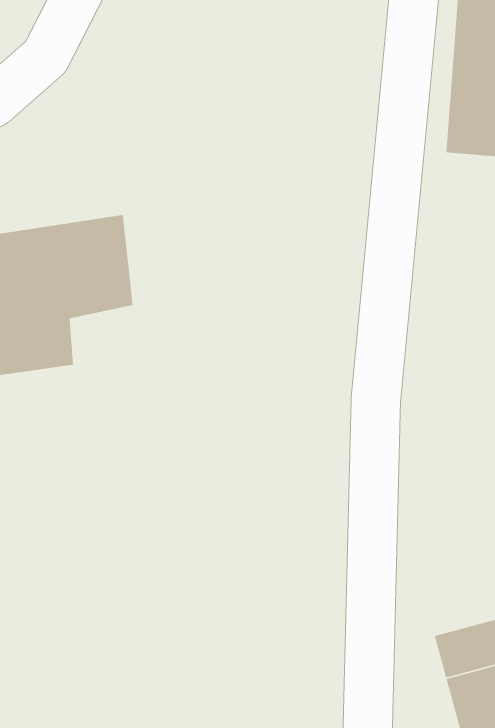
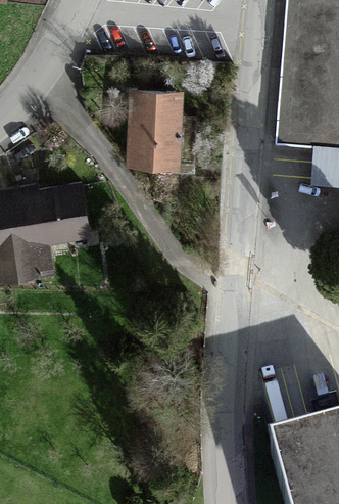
building: none -> [131,91,183,163]

